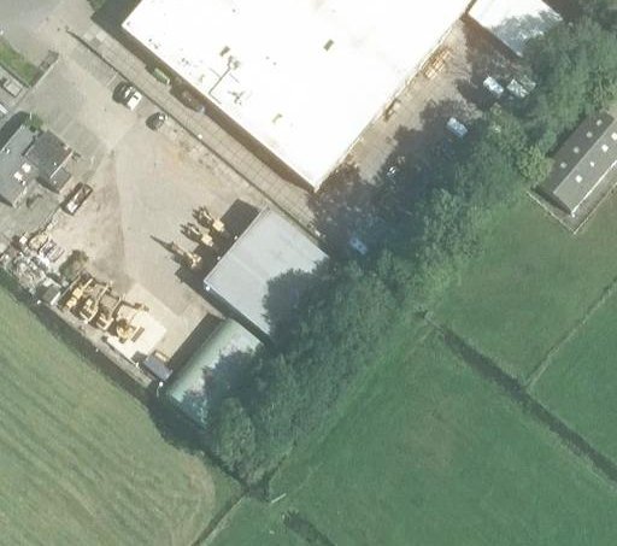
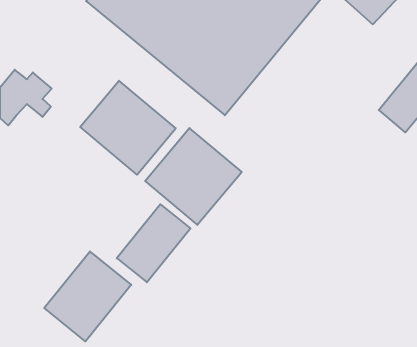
building: none -> [80,81,176,175]
building: none -> [44,251,131,341]

